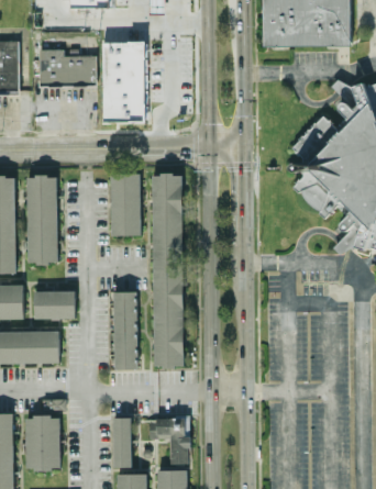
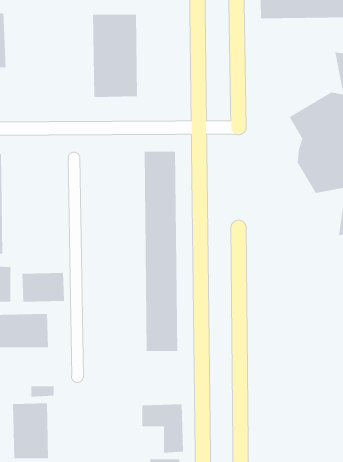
building: [38,48,96,86] -> none
building: [110,173,141,235] -> none
building: [26,176,57,263] -> none
building: [112,291,137,369] -> none
building: [112,416,131,467] -> none

